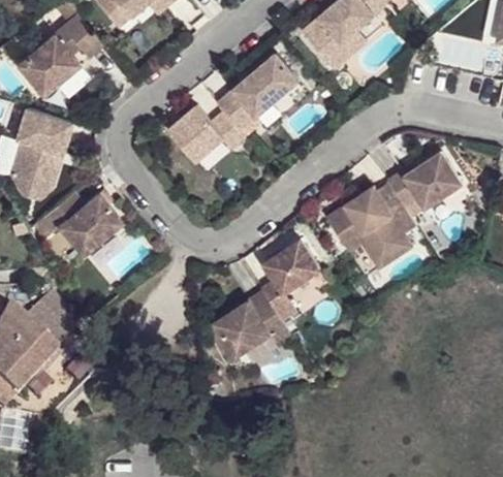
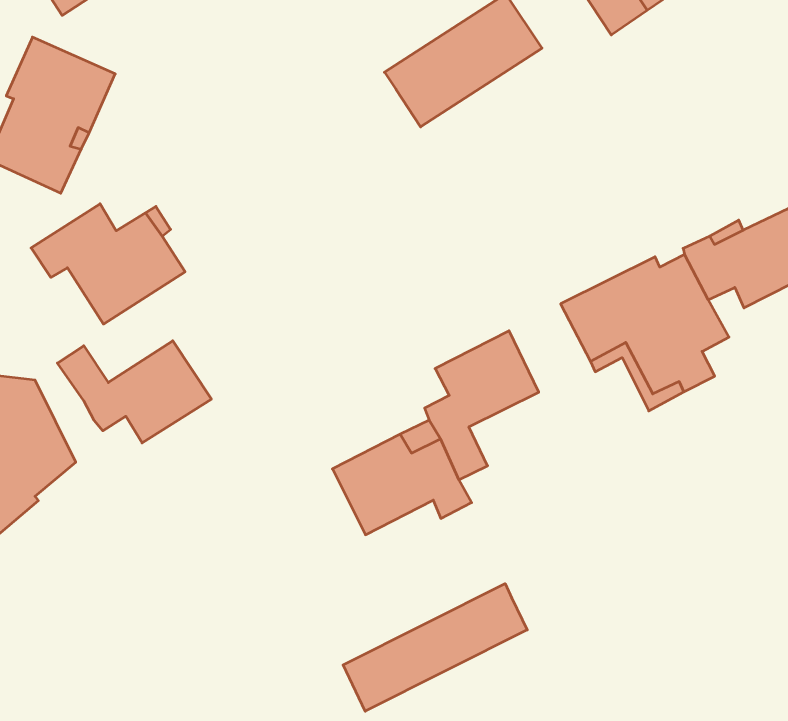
building: [167,106,244,162] -> none
building: none -> [57,341,211,443]
building: none -> [343,584,527,711]

